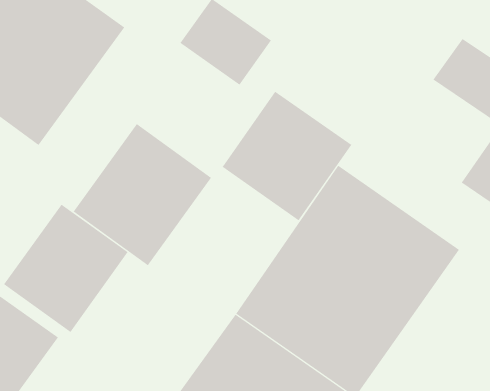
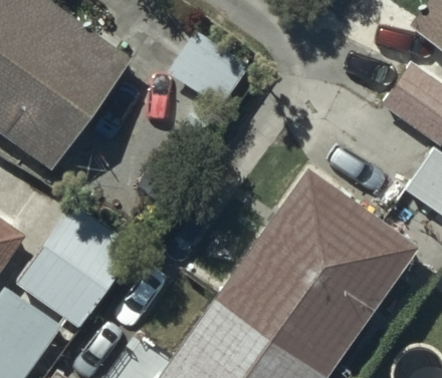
building: [222,91,352,221] -> none
building: [73,123,212,266] -> none

